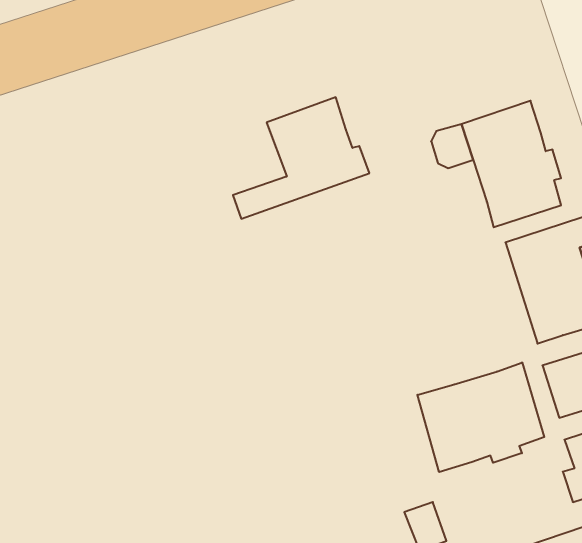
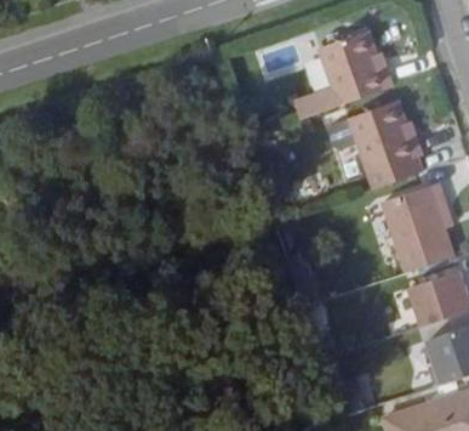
building: [233,97,369,219] -> [304,29,402,117]
building: [417,362,544,472] -> none

